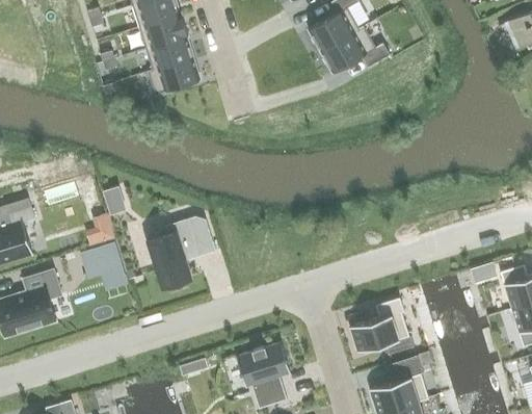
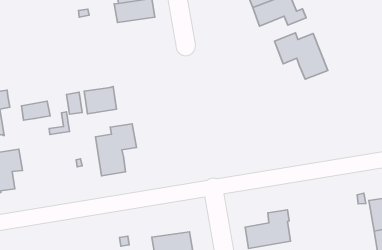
building: none -> [274,33,328,79]
building: none -> [84,87,117,114]
building: [84,250,122,278] -> [21,101,50,120]

